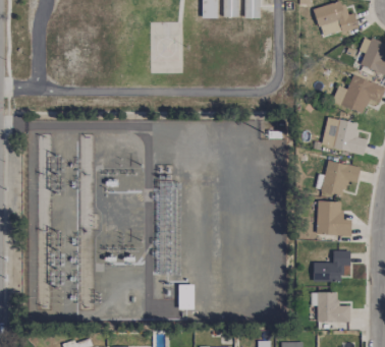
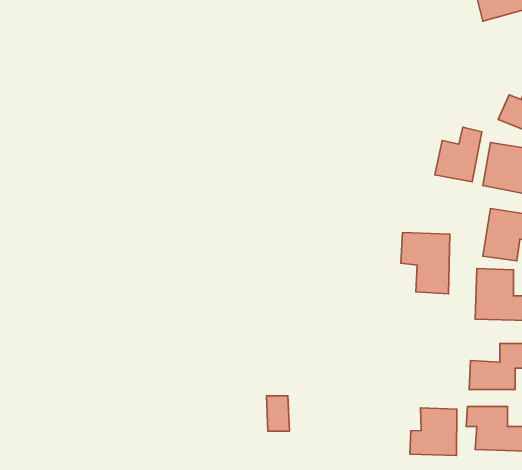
building: none -> [435,127,482,182]
building: none -> [401,233,450,294]
building: none -> [410,408,457,455]

